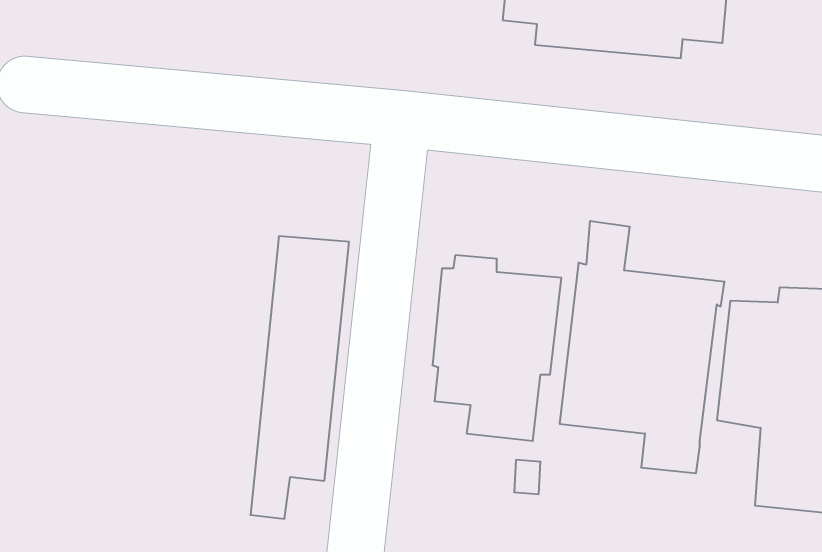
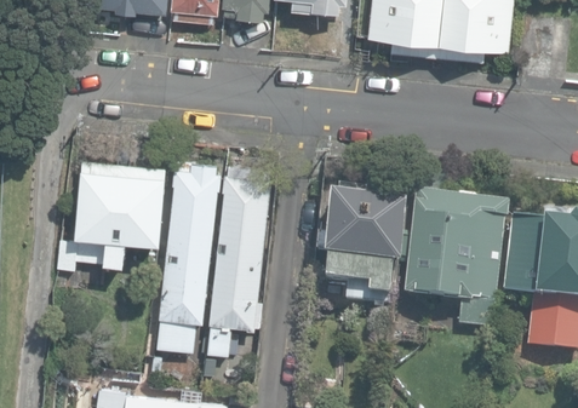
building: none -> [155,159,222,352]
building: none -> [58,168,166,271]

